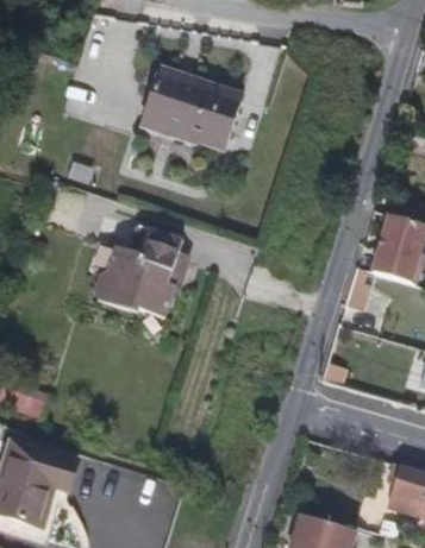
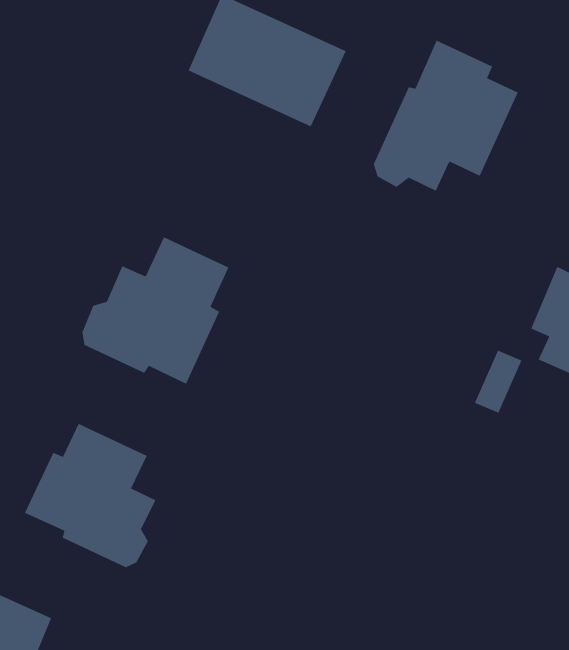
building: none -> [373,40,519,192]
building: none -> [24,423,157,568]

